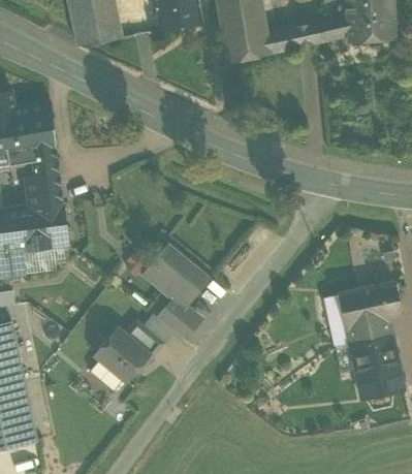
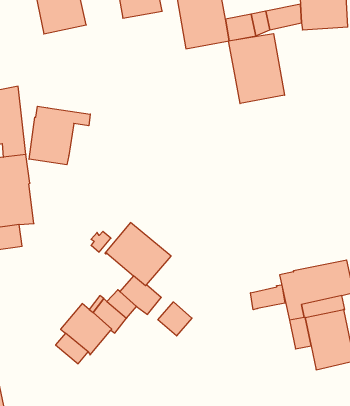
building: none -> [228,34,285,104]
building: none -> [29,106,90,165]
building: none -> [251,285,285,310]
building: none -> [158,302,192,336]

